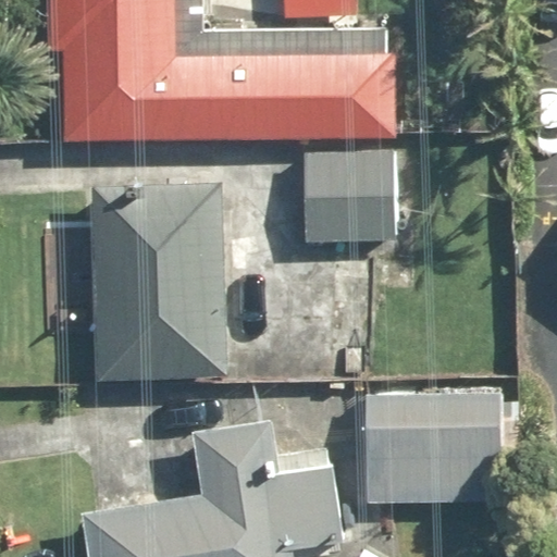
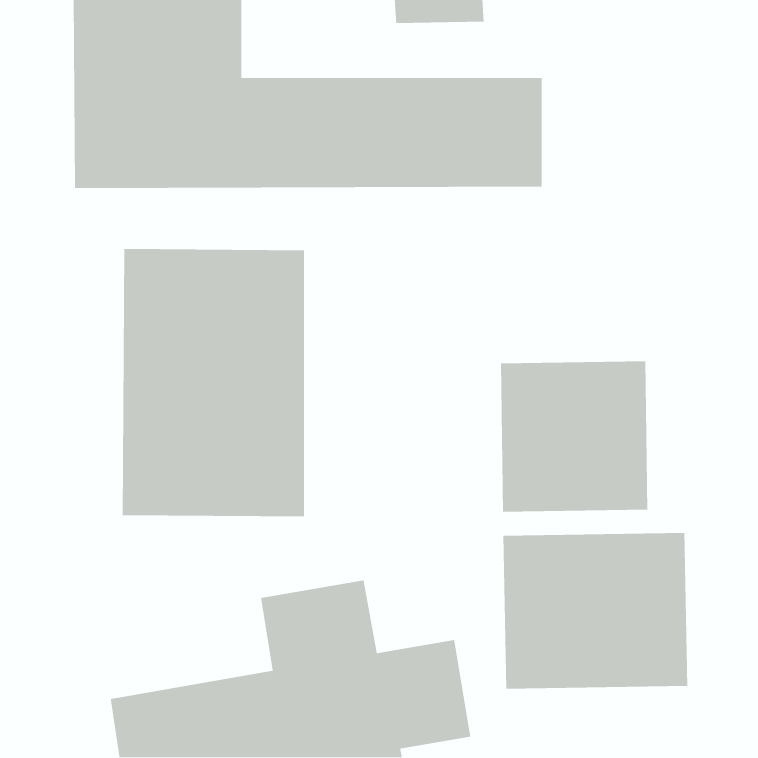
building: [305,144,397,244] -> none
building: none -> [500,360,648,512]

